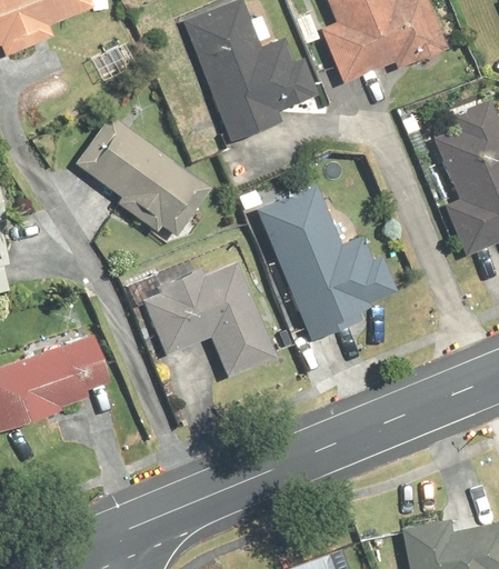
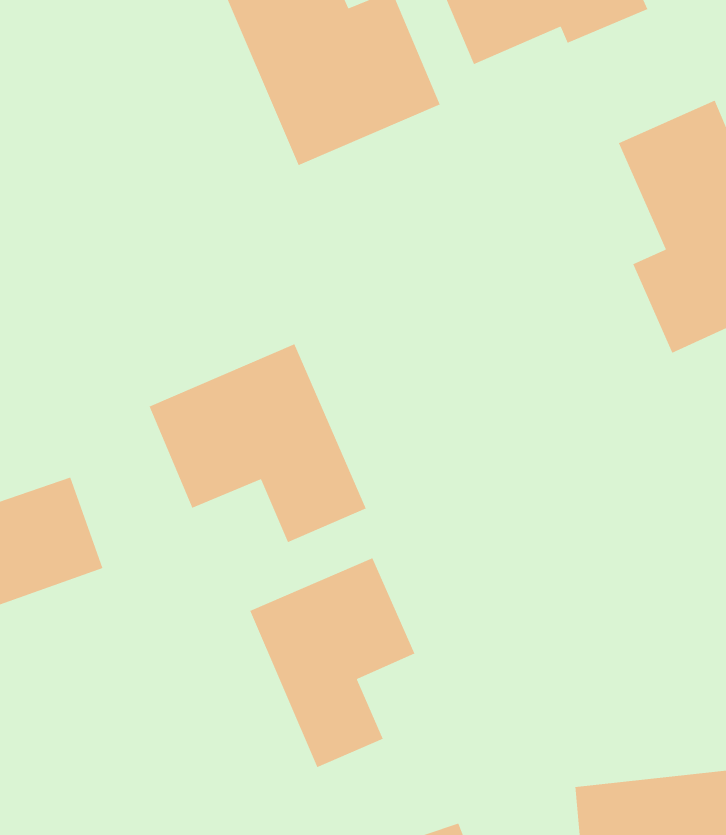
building: [71,112,207,236] -> none
building: [258,182,395,332] -> none
building: none -> [249,557,415,768]

